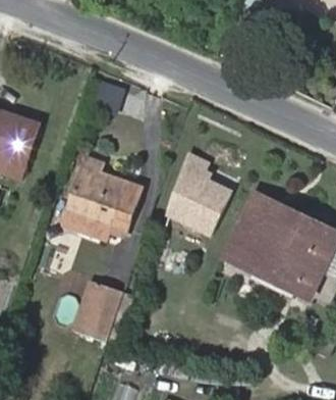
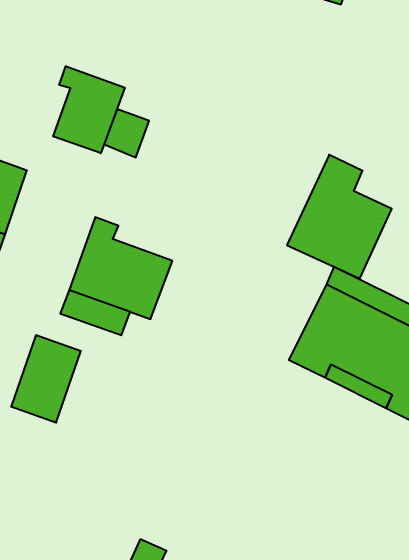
building: none -> [53,66,125,153]
building: [159,150,232,237] -> [287,155,392,279]
building: [76,281,125,342] -> [11,335,81,423]

